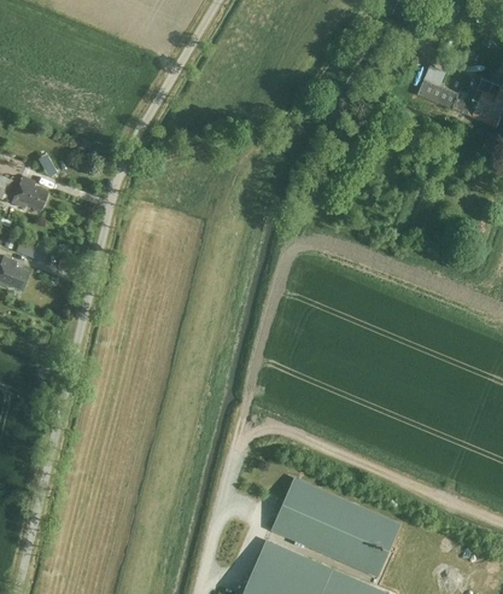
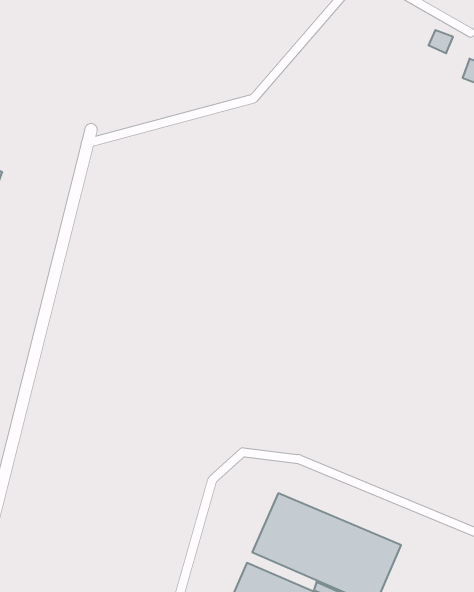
building: [417,80,458,110] -> none

